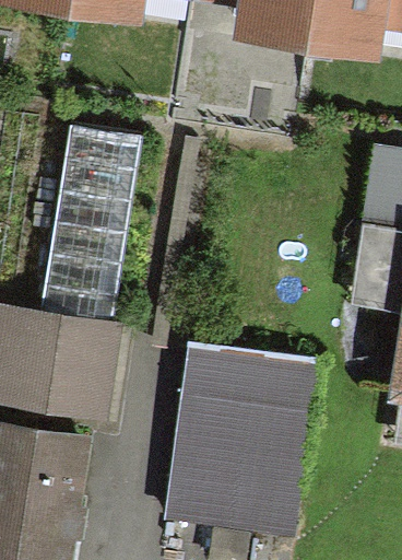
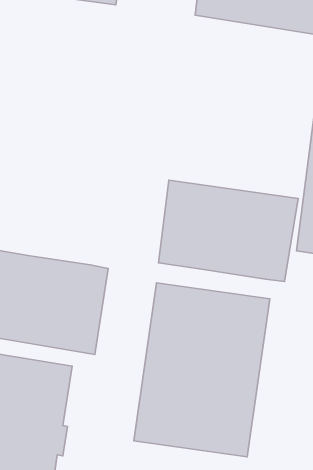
building: [40,125,141,319] -> none
building: none -> [159,180,298,281]

